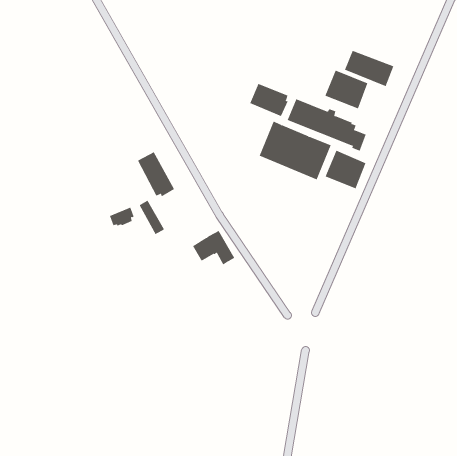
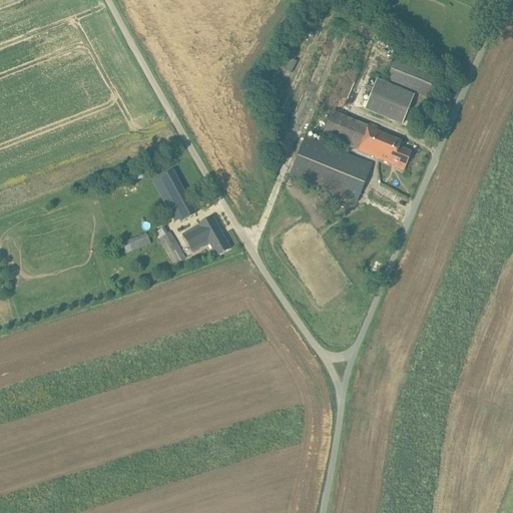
building: [250,83,289,117] -> none
building: [325,150,366,189] -> none
building: [192,230,235,265] -> [183,215,231,254]

